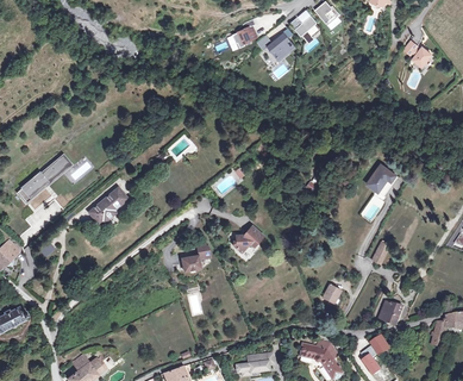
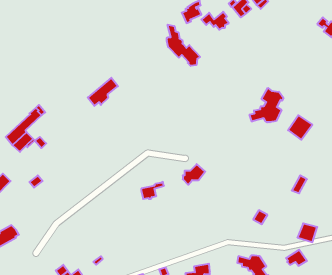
building: none -> [167,25,200,66]
building: none -> [250,88,283,122]
building: [85,187,123,223] -> [88,78,118,106]

